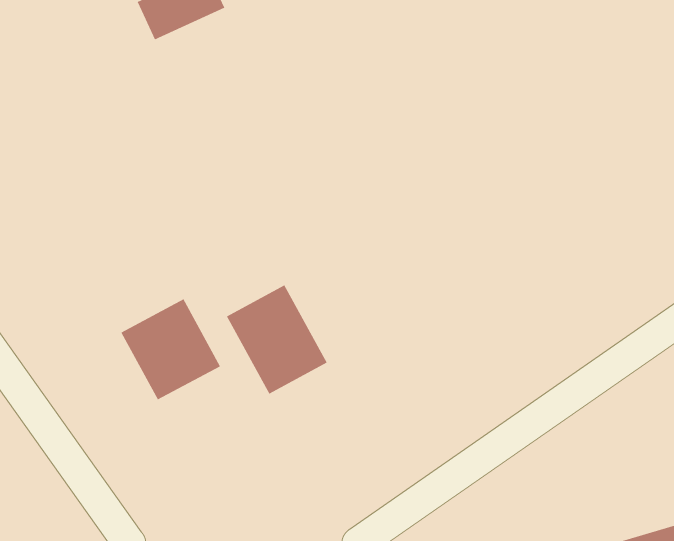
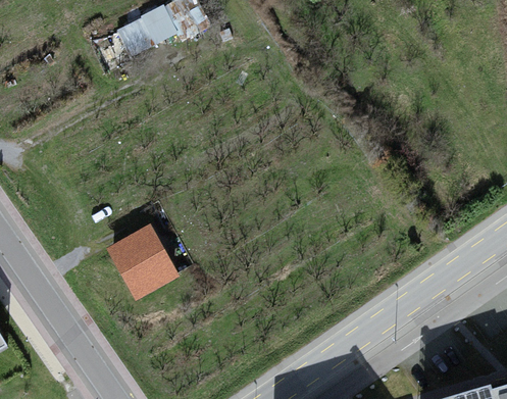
building: [226,285,327,394] -> none

